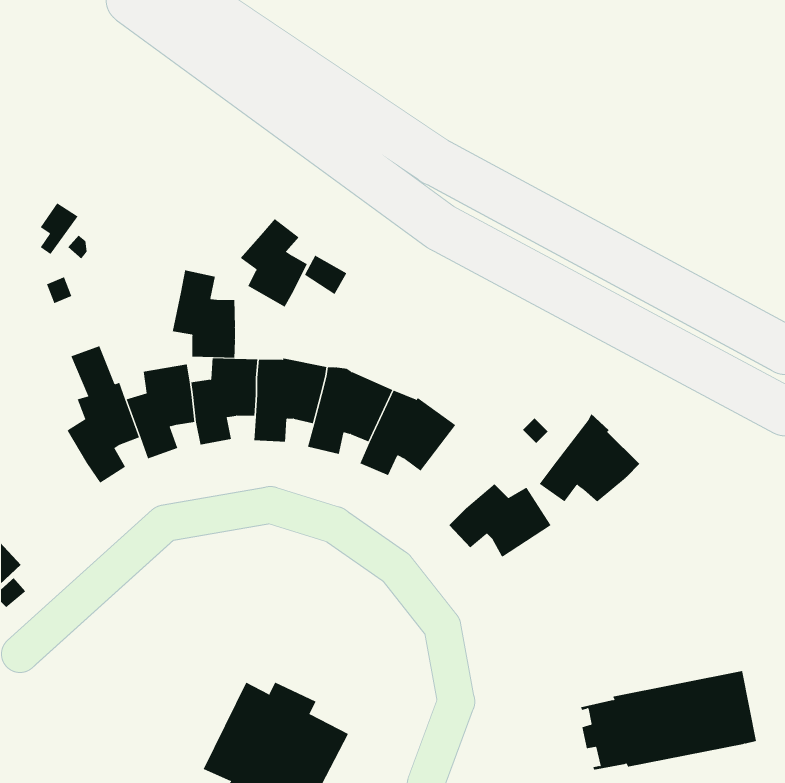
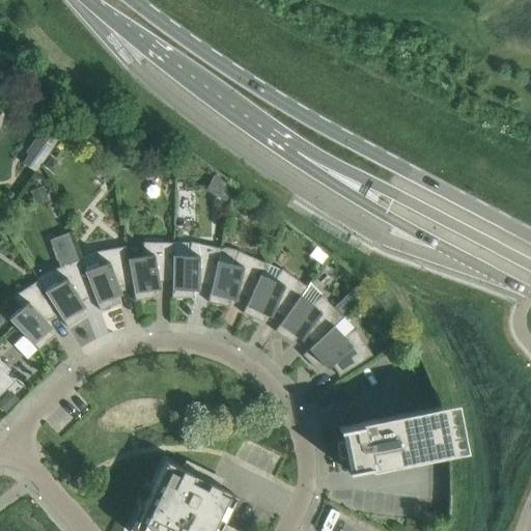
building: [240,218,307,307] -> none
building: [172,270,235,358] -> none
building: [539,413,640,502] -> [275,284,343,344]
building: none -> [8,281,58,351]
building: [580,670,757,770] -> [338,404,457,472]

